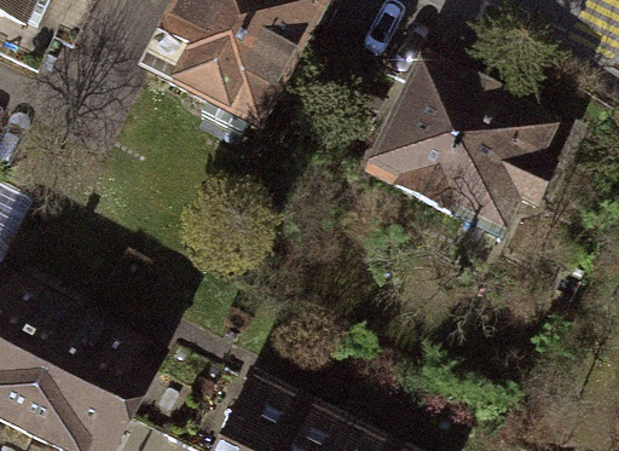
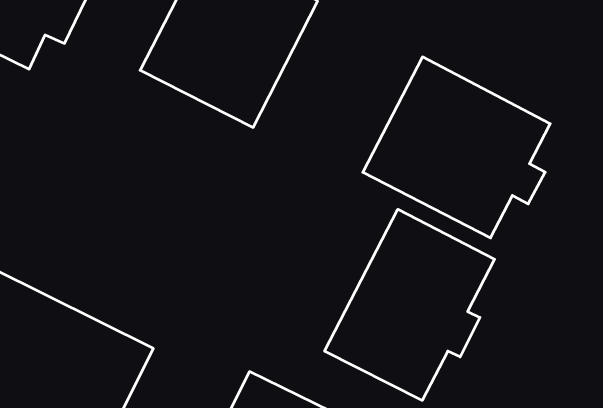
building: none -> [325,209,495,400]

